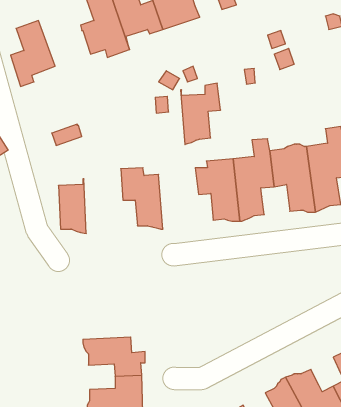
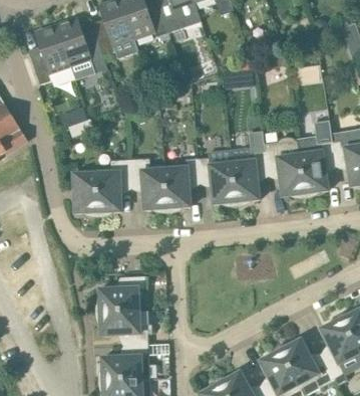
building: none -> [55,16,107,78]
building: [181,83,221,145] -> [163,157,200,212]
building: none -> [96,158,131,216]
building: none -> [95,275,146,312]

